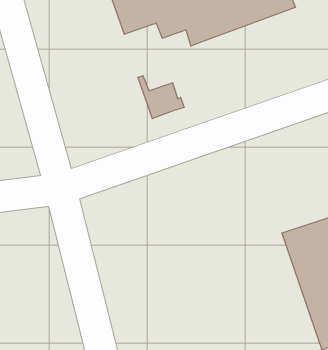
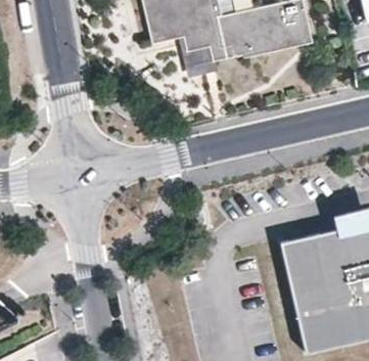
building: [138,76,184,118] -> [180,38,220,78]

